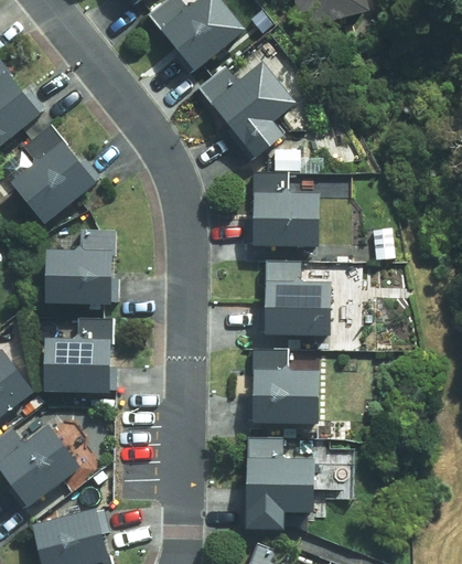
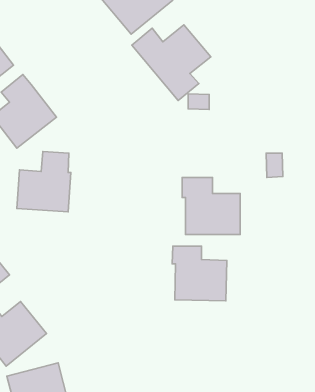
building: [249,175,320,246] -> none
building: [43,319,110,392] -> none
building: [245,435,315,528] -> none

